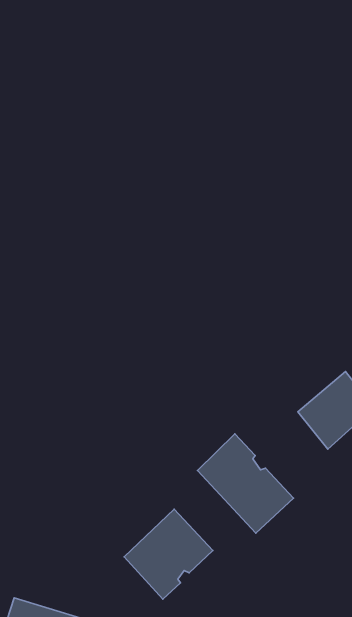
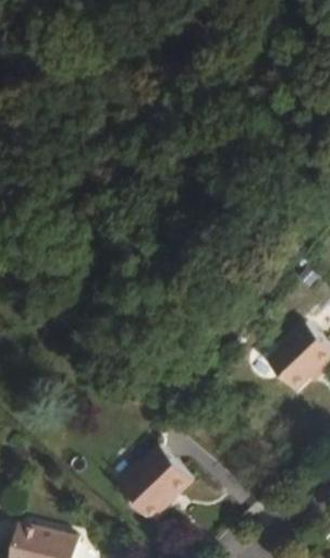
building: [197,434,293,533] -> none

